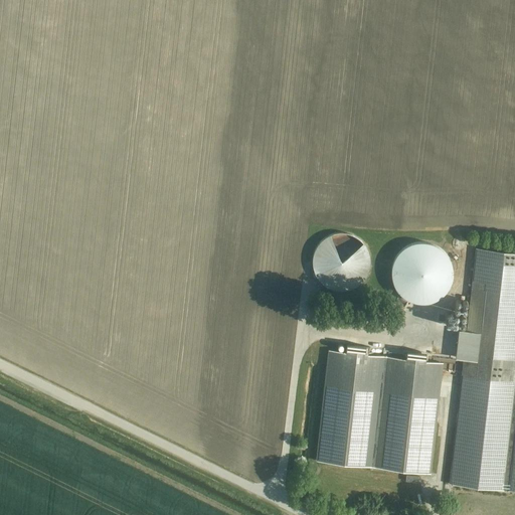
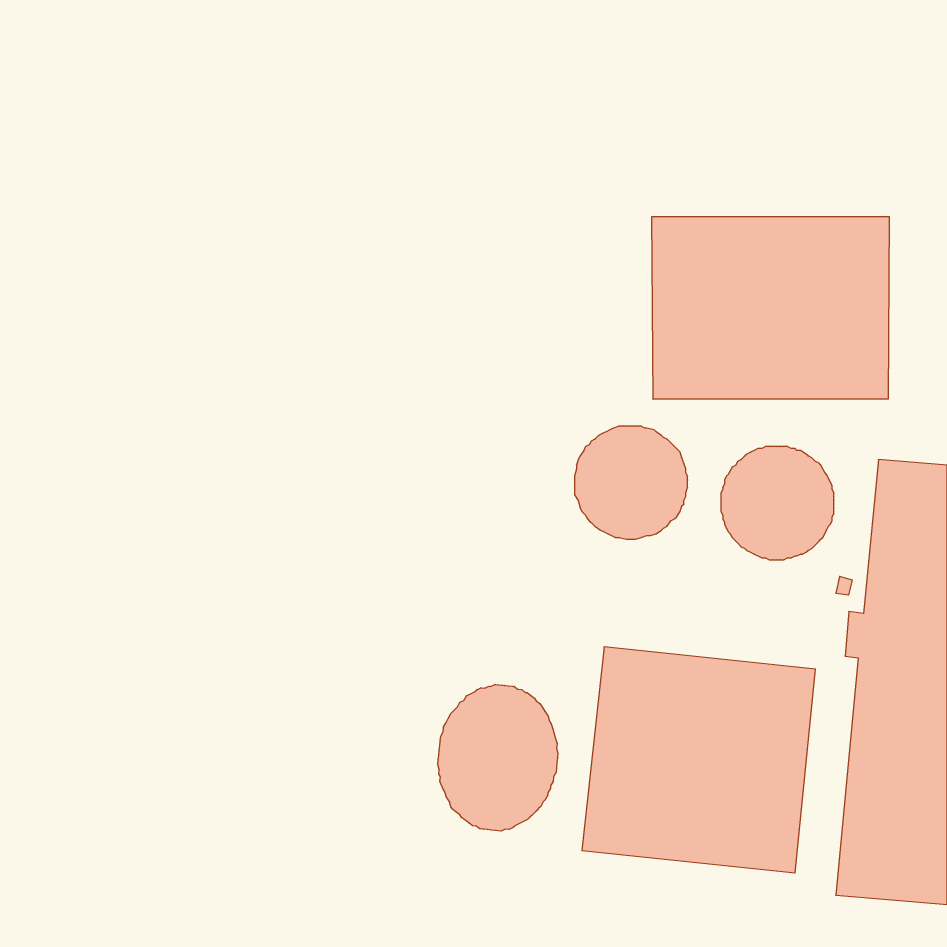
building: none -> [652,217,889,399]
building: none -> [438,684,558,831]

